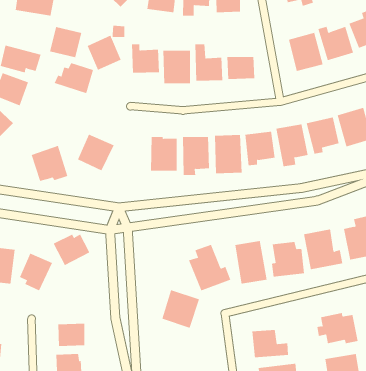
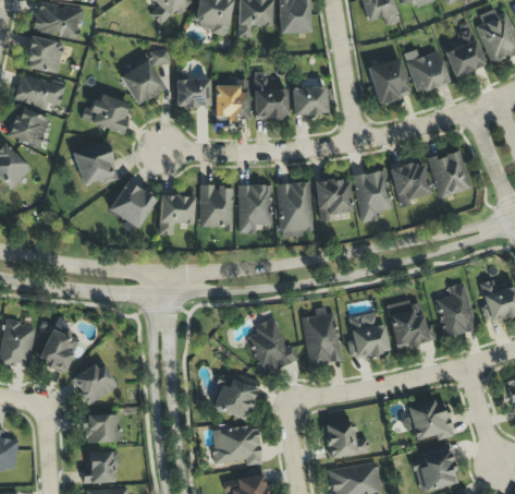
building: [49,27,82,58] -> [25,35,65,73]
building: none -> [159,194,194,234]
building: [31,145,68,182] -> [73,140,119,184]
building: [53,234,90,266] -> [72,364,118,403]
building: none -> [212,423,262,465]

